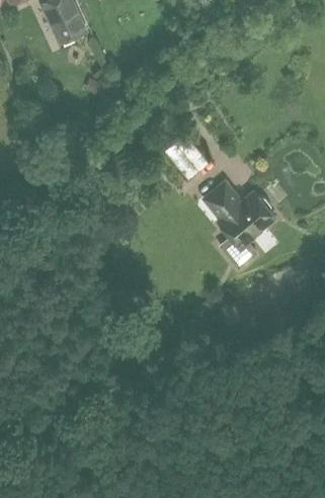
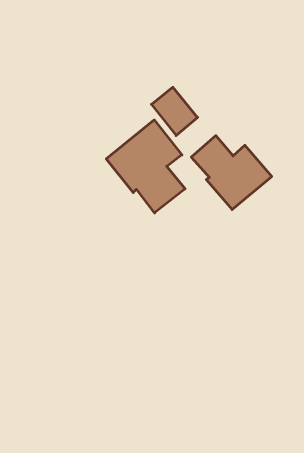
building: none -> [106,120,185,213]

